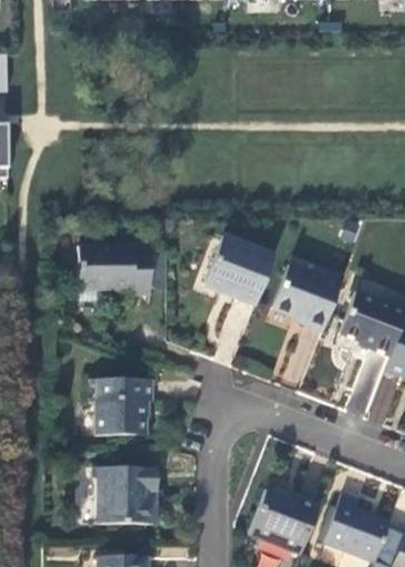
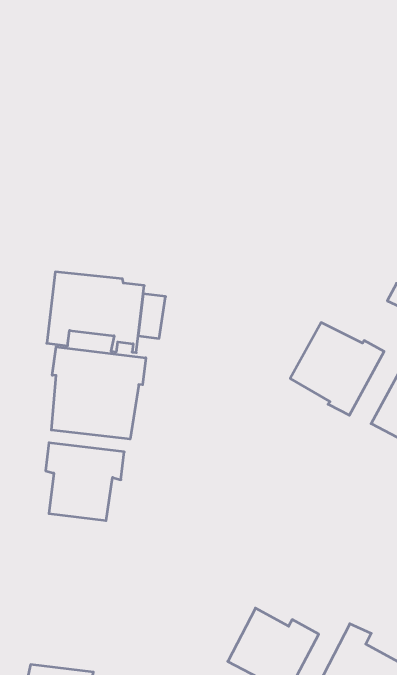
building: [205,234,276,306] -> none
building: none -> [51,347,146,439]
building: [96,468,156,524] -> none

